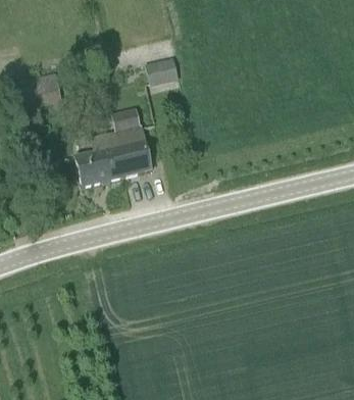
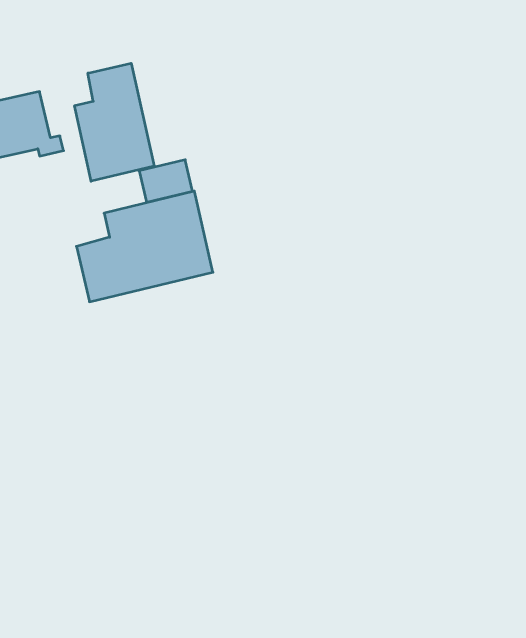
building: [145,54,179,83] -> none
building: none -> [75,63,154,181]

